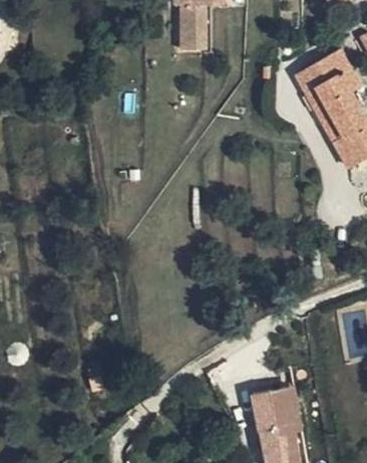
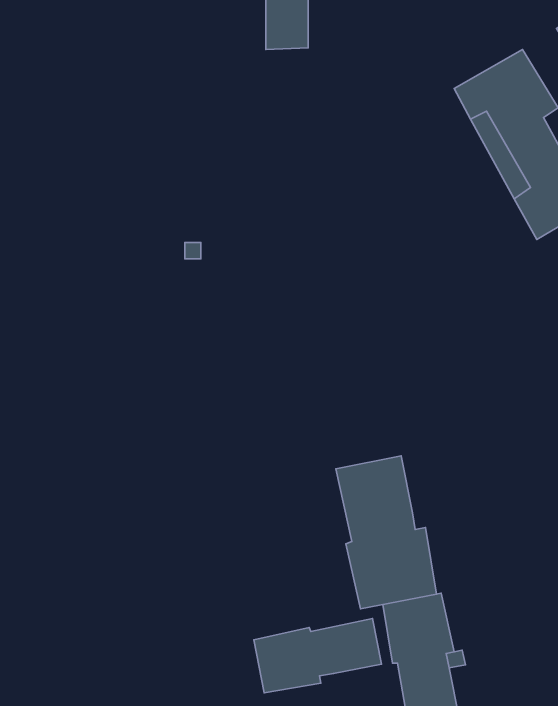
building: none -> [336,456,436,609]
building: none -> [254,618,382,693]

